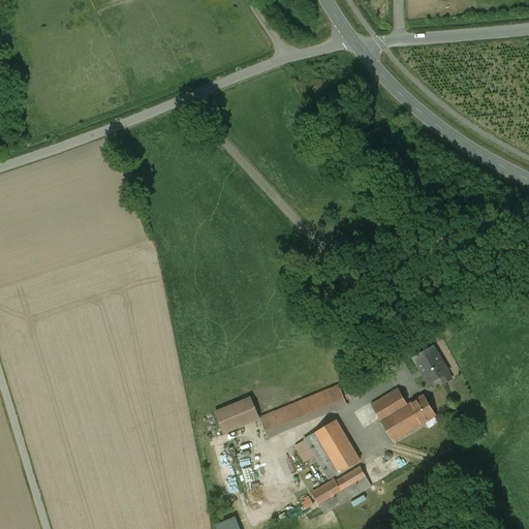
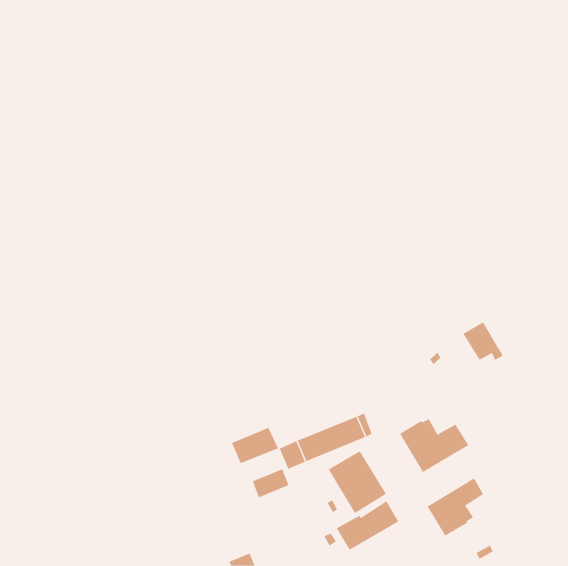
building: [413,346,452,382] -> [462,322,504,360]
building: none -> [252,468,289,498]
building: none -> [427,478,484,537]

